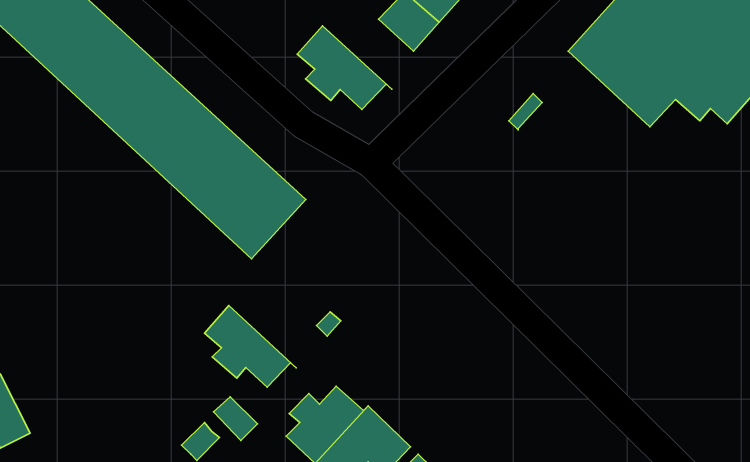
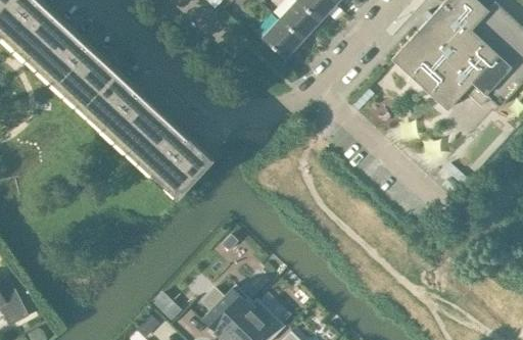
building: [297,26,392,110] -> none
building: [204,306,296,387] -> none

